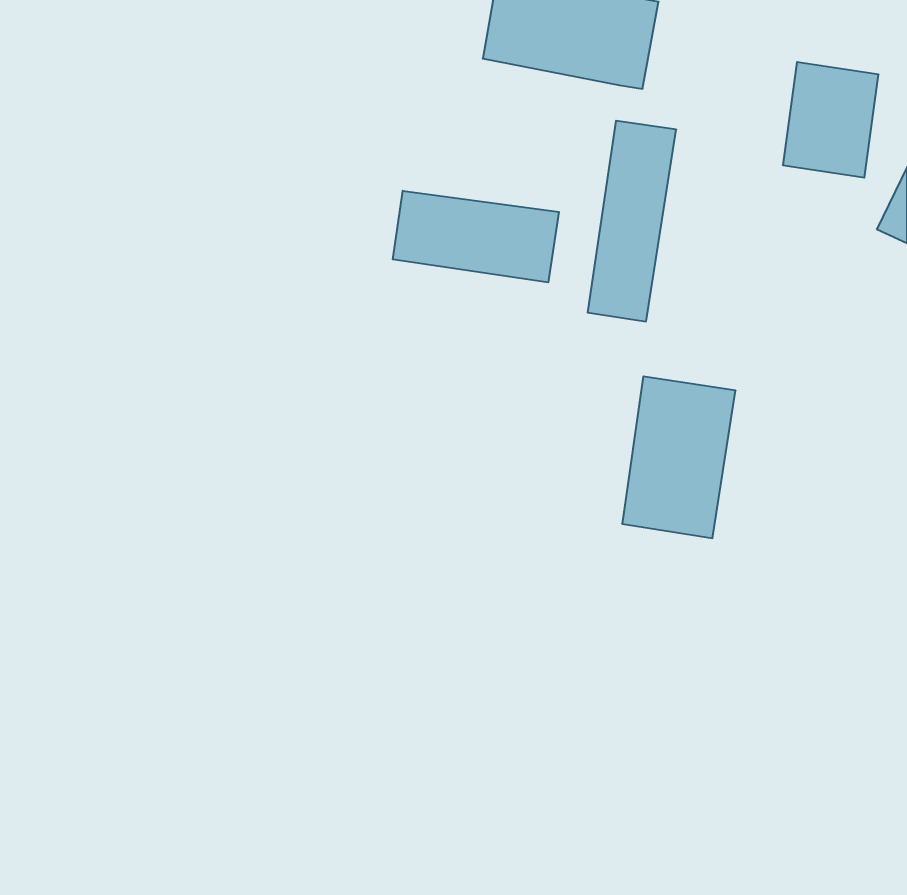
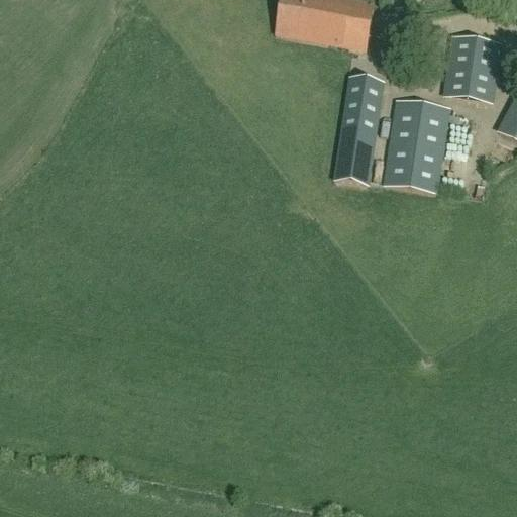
building: [393,191,559,282] -> none
building: [622,376,736,538] -> [385,99,449,191]

